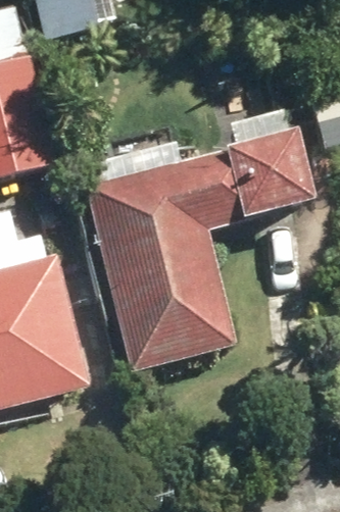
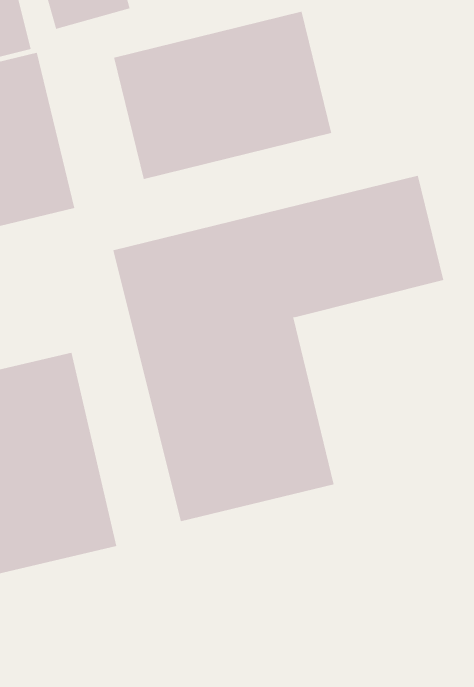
building: none -> [114,11,332,180]

